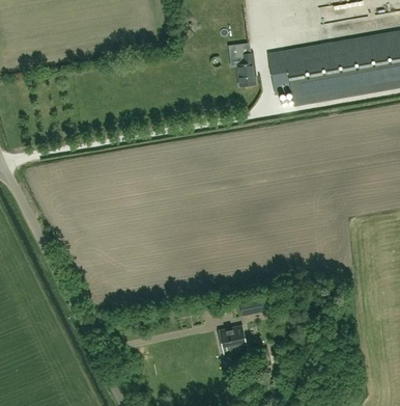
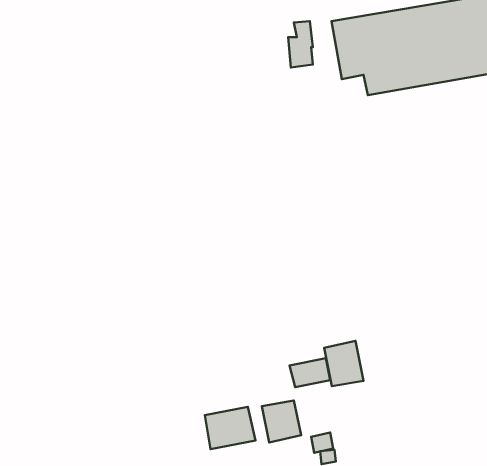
building: none -> [324,341,363,386]
building: none -> [205,407,255,449]

